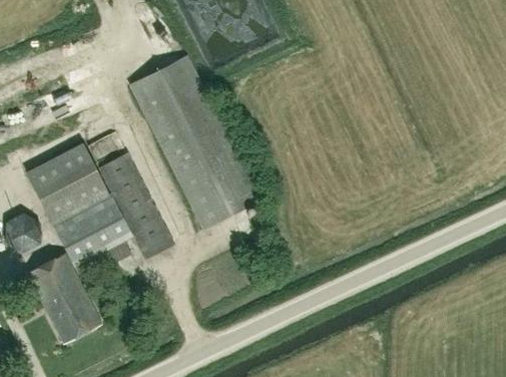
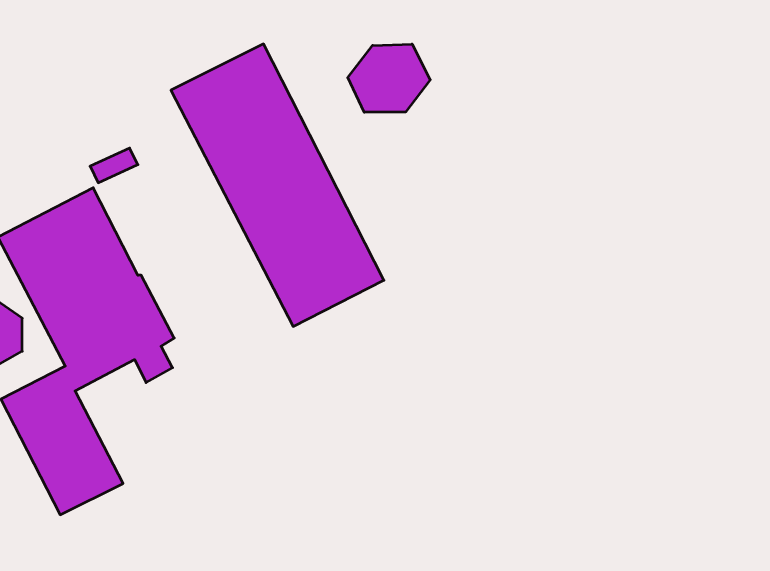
building: none -> [348,44,430,112]
building: [98,151,175,259] -> none

